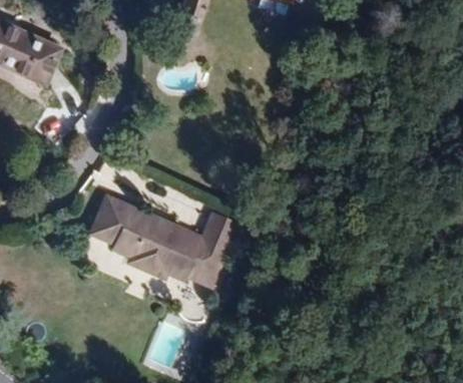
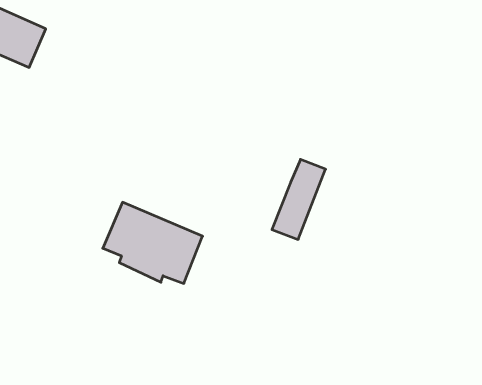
building: [84,194,131,249] -> none
building: [187,217,237,290] -> [272,159,326,239]

